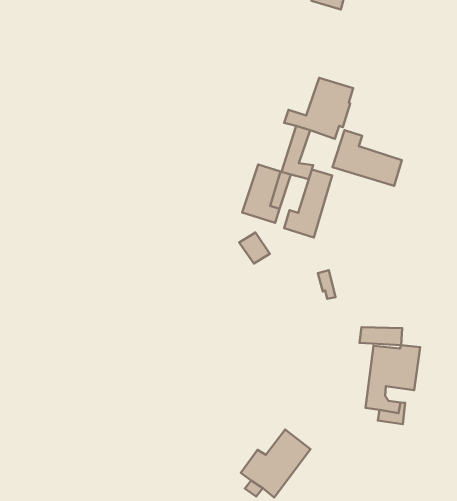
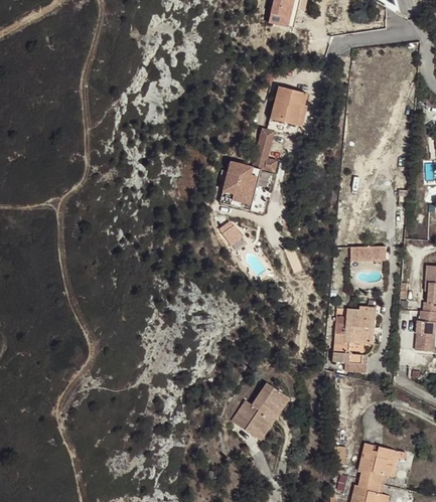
building: [333,130,402,186] -> none
building: [284,170,332,237] -> none
building: [359,327,402,345] -> [350,245,386,260]

